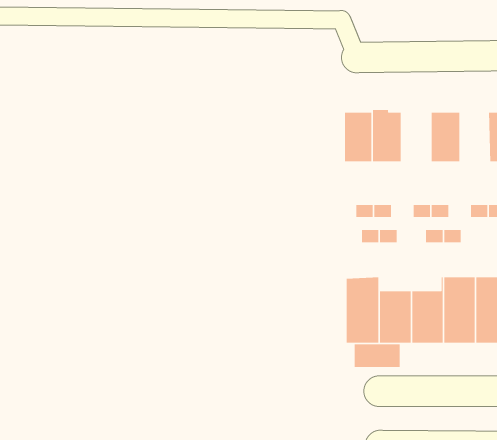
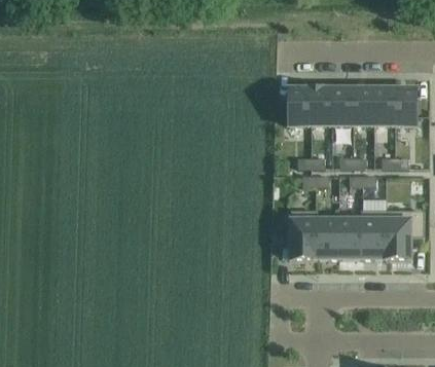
building: none -> [330,85,352,124]
building: none -> [373,85,395,124]
building: [354,344,401,368] -> none

